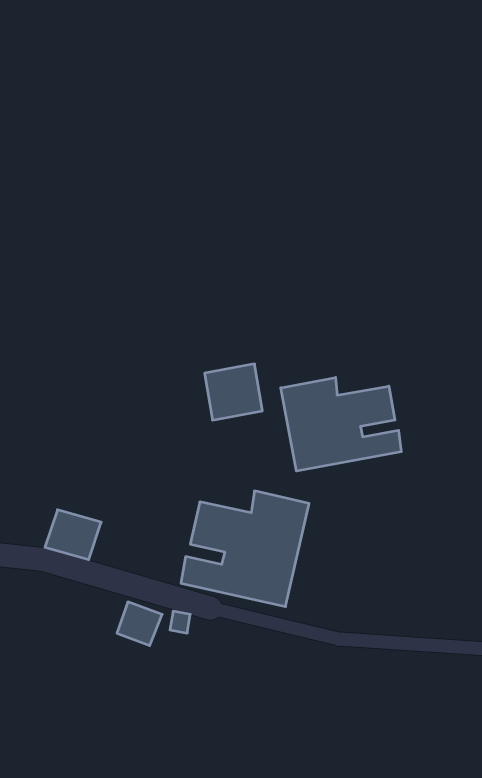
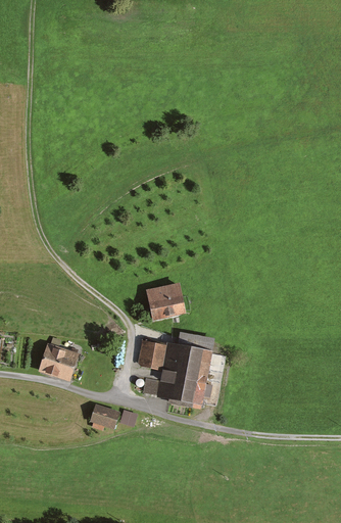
building: [205,364,262,420] -> [148,285,186,322]
building: [281,377,401,471] -> none

